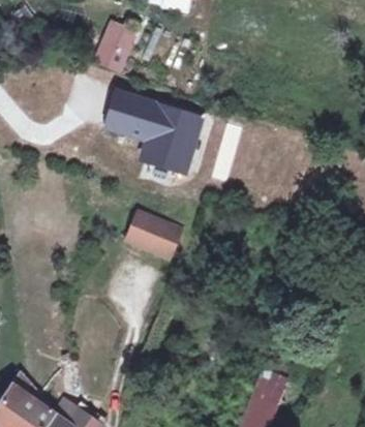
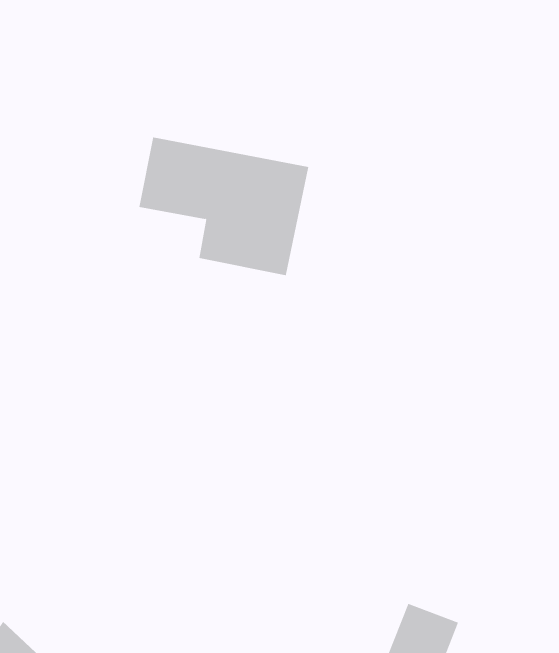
building: [91,20,135,74] -> none
building: [120,208,182,262] -> none

